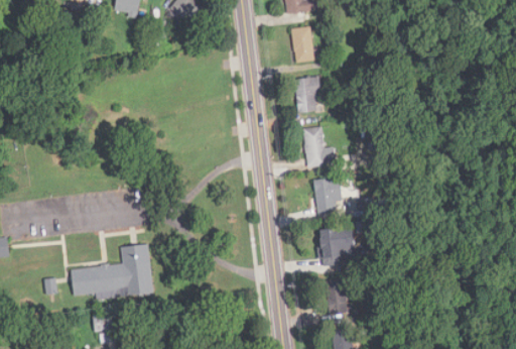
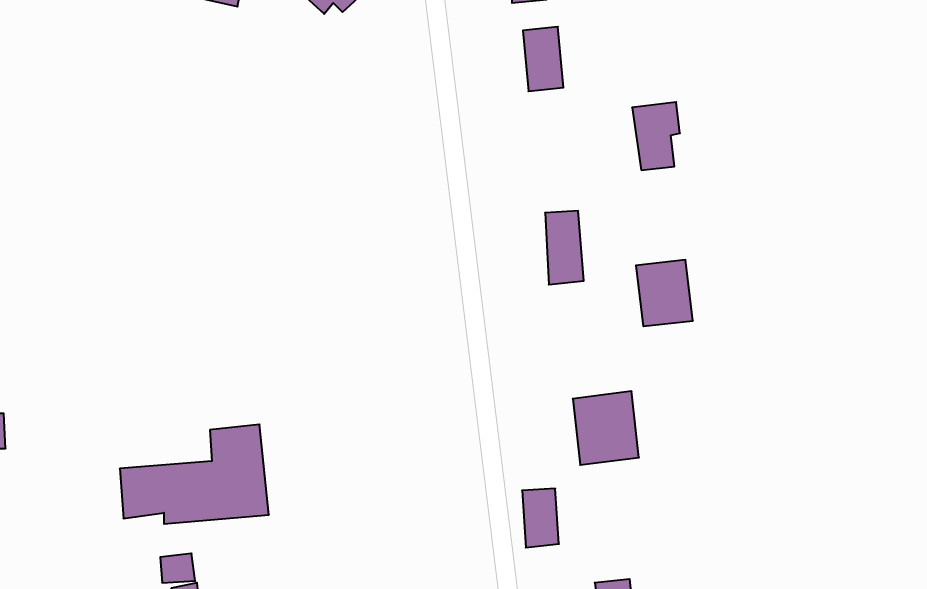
building: [294,76,320,113] -> [632,102,680,170]
building: [313,178,345,214] -> [636,260,693,326]
building: [326,279,346,312] -> [522,489,559,548]

